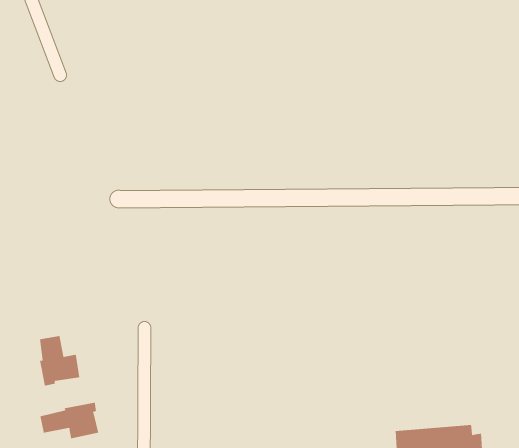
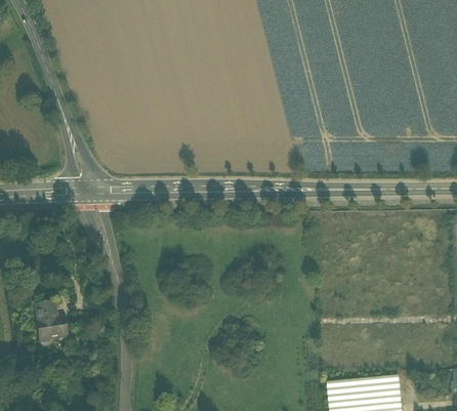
building: [40,402,99,439] -> none

